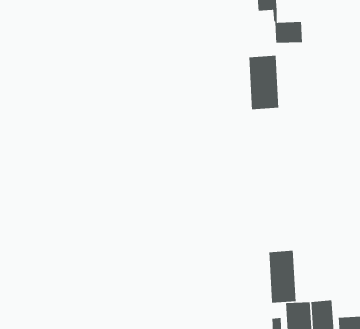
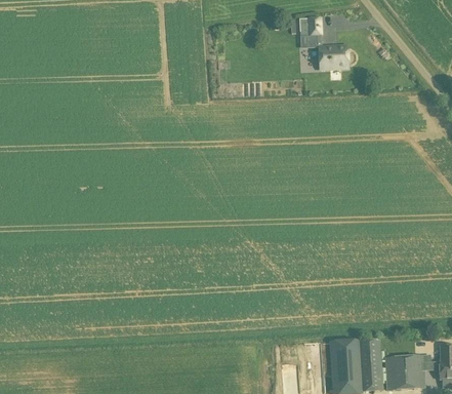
building: [249,55,279,110] -> none
building: [269,250,296,304] -> none

